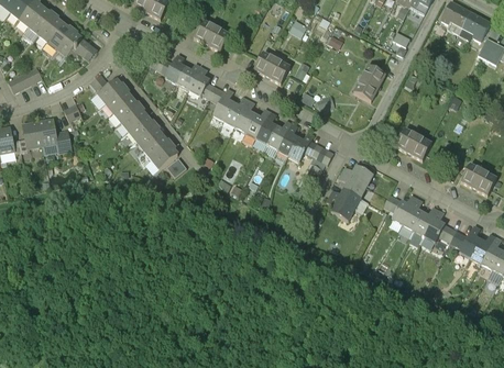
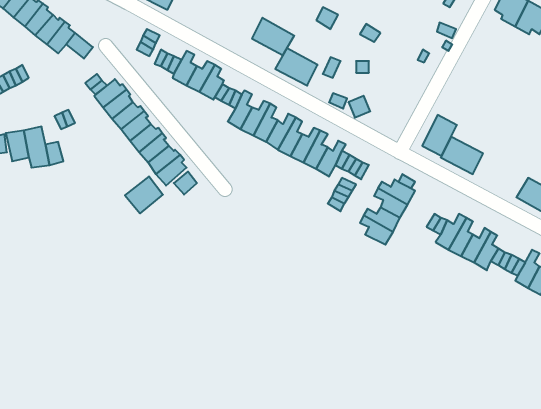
building: [194,20,230,52] -> [252,18,294,55]
building: [354,66,384,101] -> [422,115,457,156]
building: none -> [125,176,163,213]

